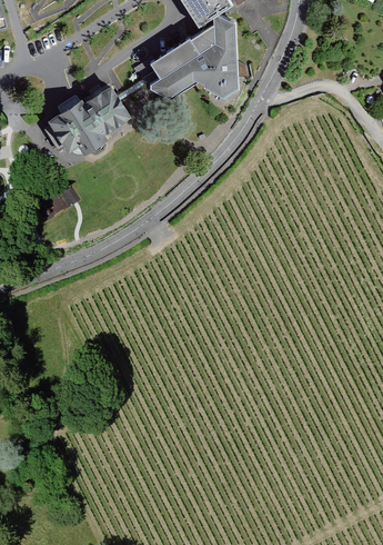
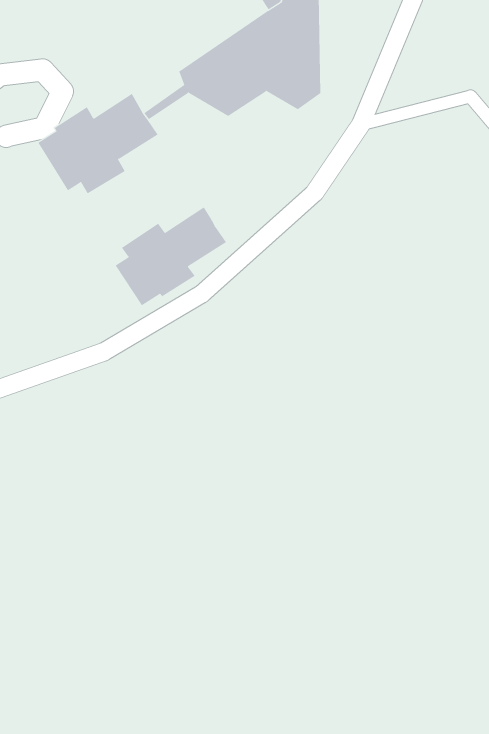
building: none -> [115,207,227,306]

